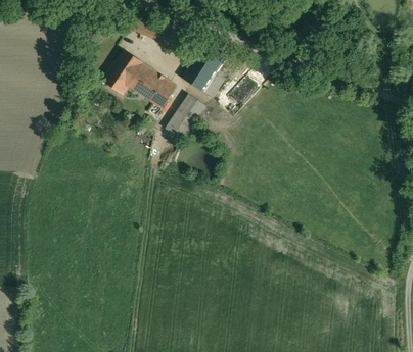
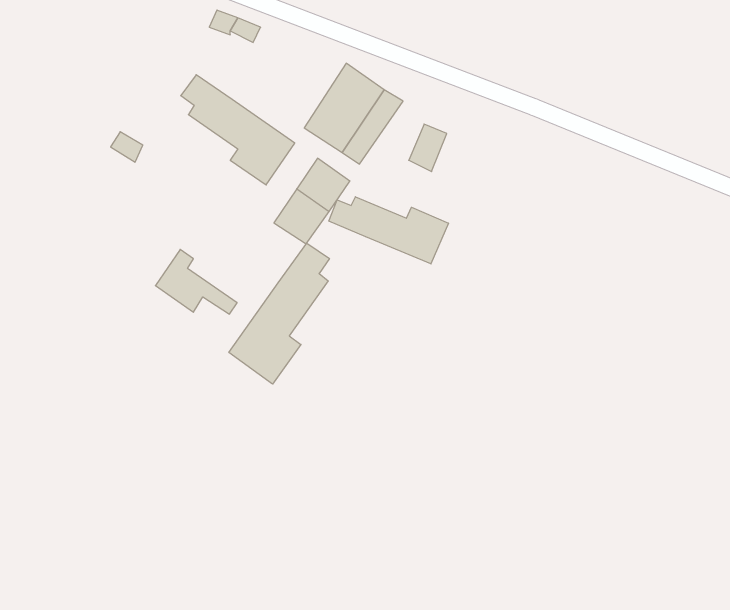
building: [101,59,145,94] -> [155,249,237,314]
building: none -> [329,197,448,264]
building: none -> [229,243,329,384]

